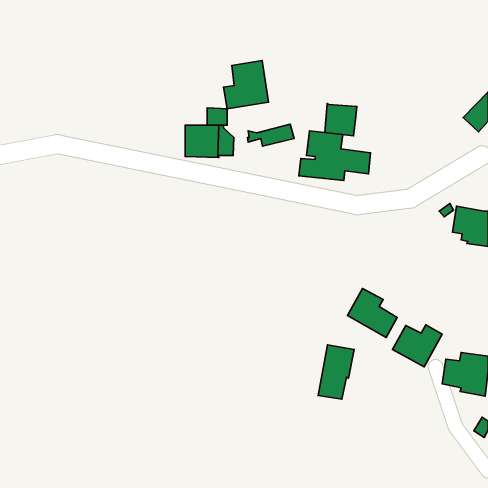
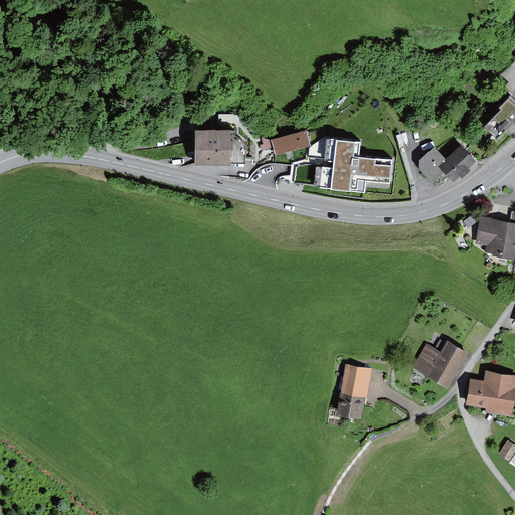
building: [223,61,268,109] -> none
building: [325,103,357,136] -> none
building: none -> [421,148,475,183]
building: [347,288,397,338] -> none

